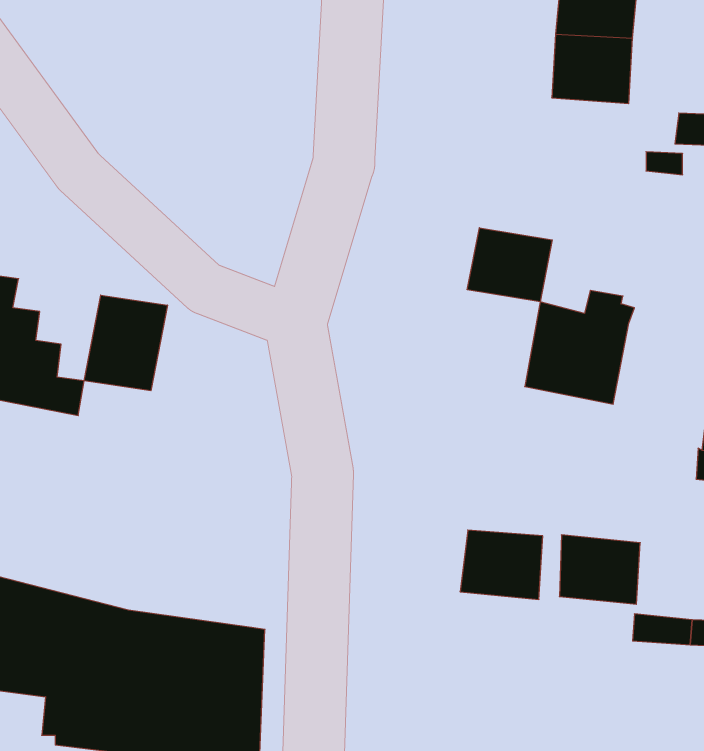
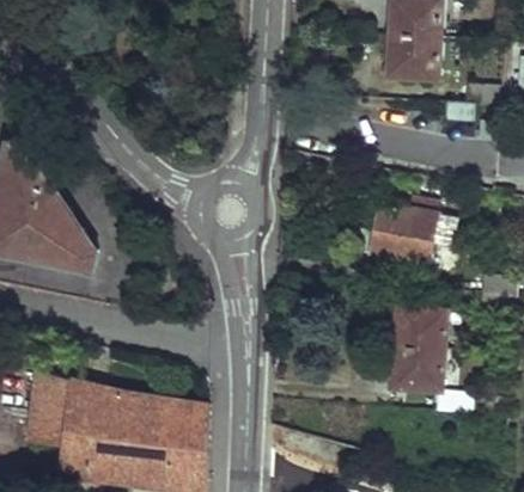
building: [467,228,552,302] -> none
building: [84,295,167,391] -> none
building: [460,530,543,599] -> [392,309,444,352]

